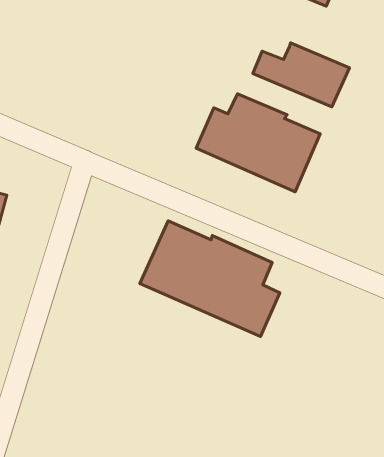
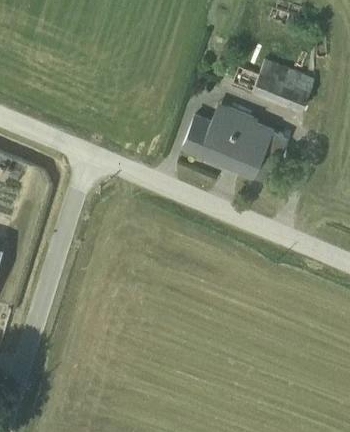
building: [140,221,280,337] -> none

